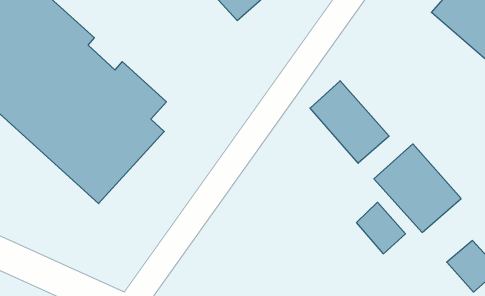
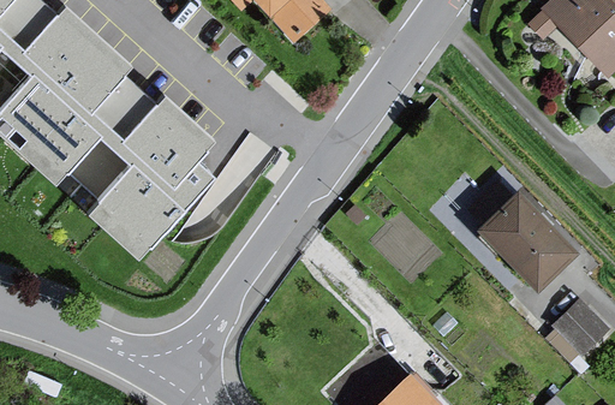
building: [310,81,389,163] -> none
building: [357,202,405,254] -> none

